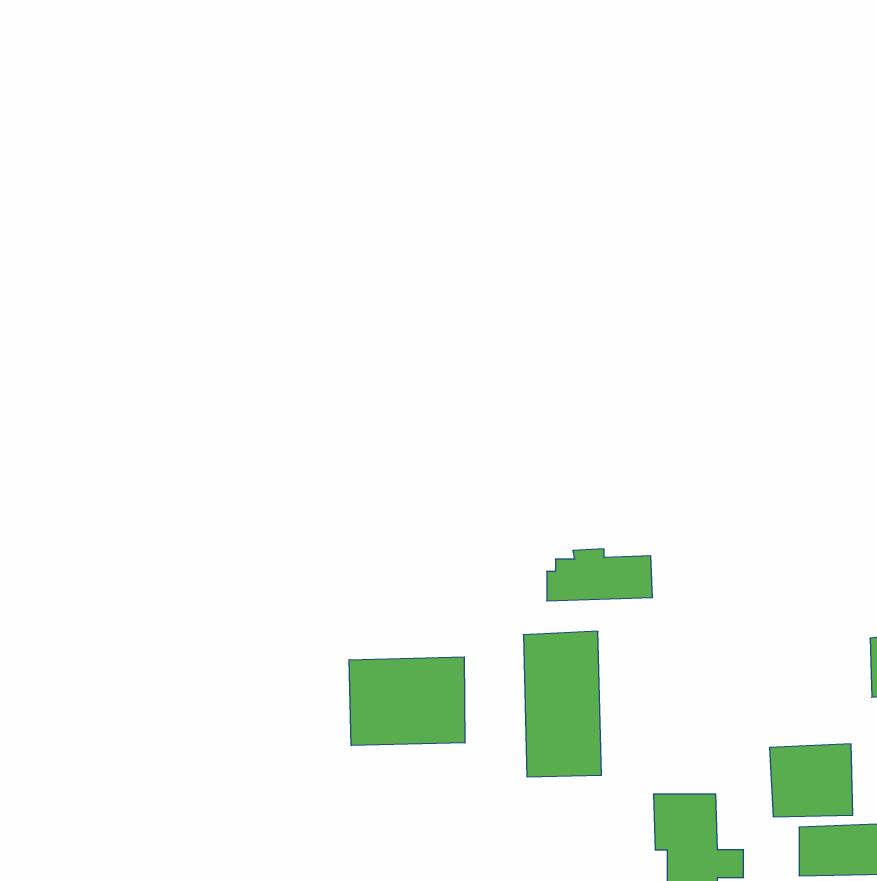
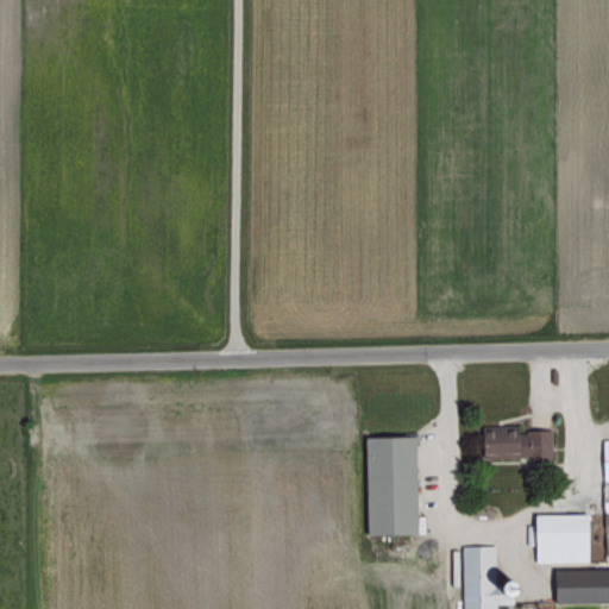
building: [547,549,653,601] -> [482,427,554,463]
building: [349,657,465,746] -> none

